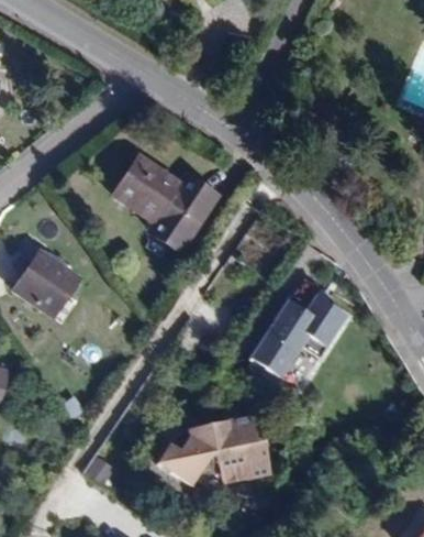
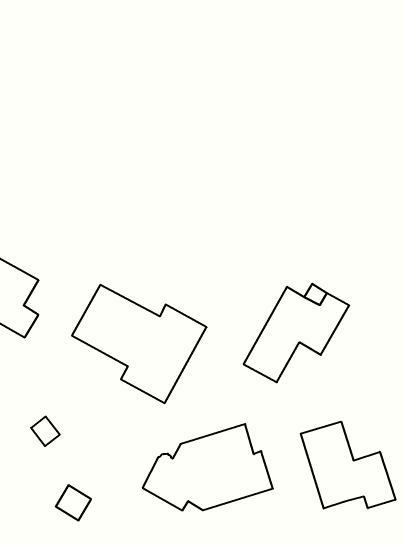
building: [113,155,230,261] -> [72,285,207,403]
building: none -> [301,422,395,509]

